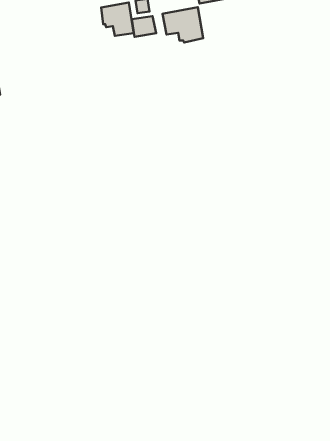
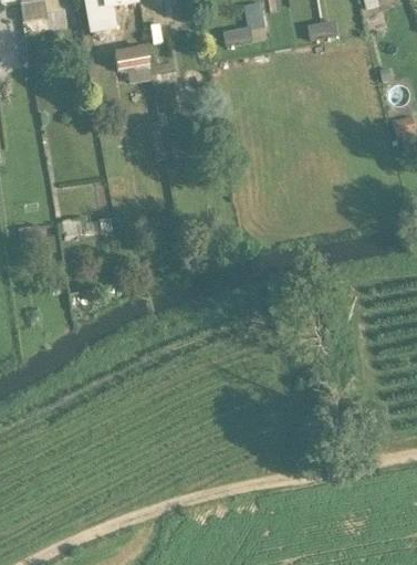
building: [163,7,203,43] -> none

